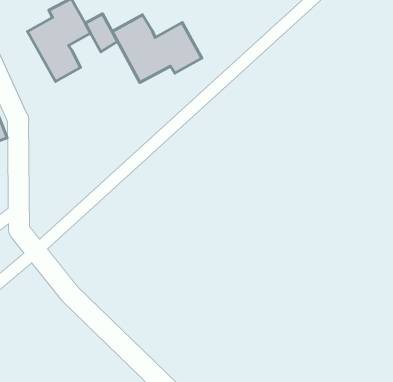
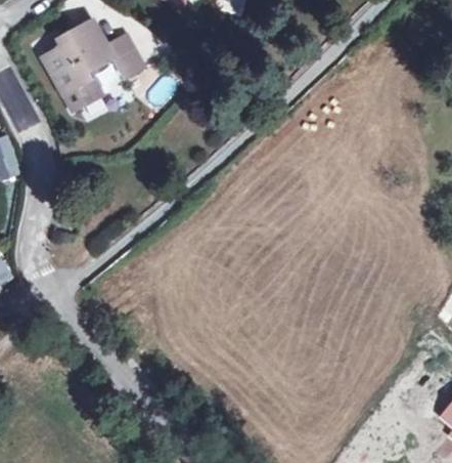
building: [112,15,202,83] -> none

